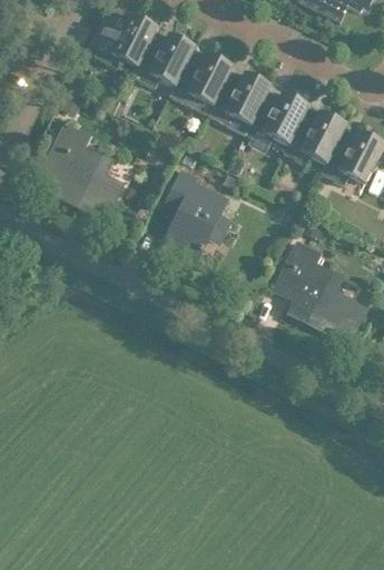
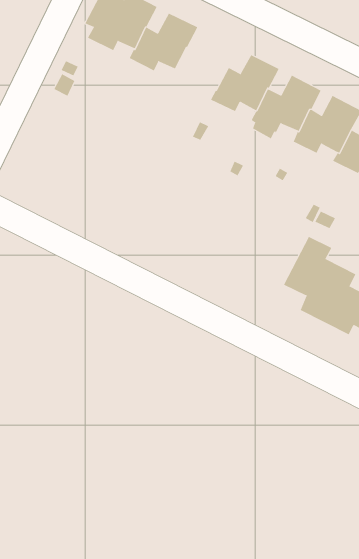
building: [169,51,234,106] -> none
building: [42,124,122,217] -> none
building: [163,167,232,255] -> none

